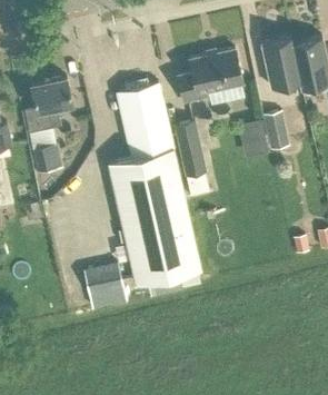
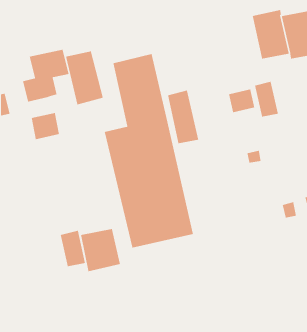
building: [177,50,242,105] -> none
building: none -> [65,50,104,105]
building: none -> [60,230,86,267]

